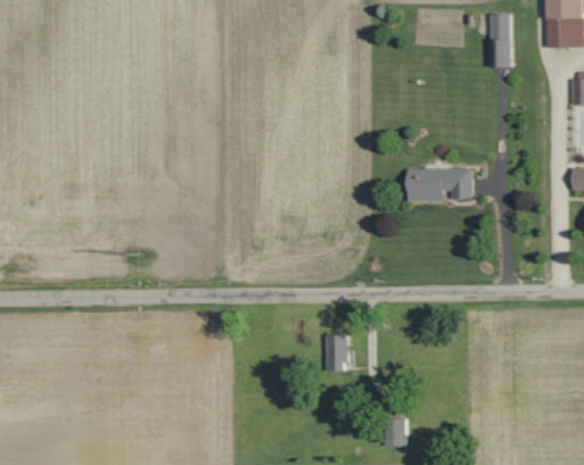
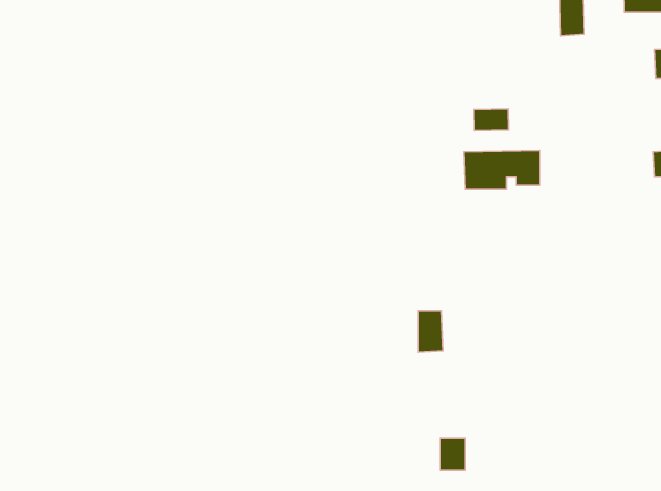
building: none -> [474,109,508,130]
building: [326,335,348,371] -> [418,311,443,352]

